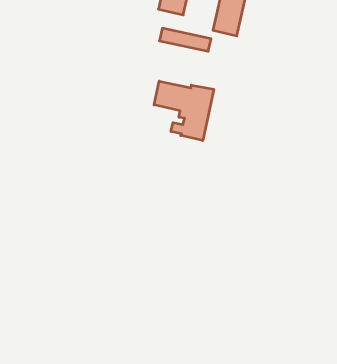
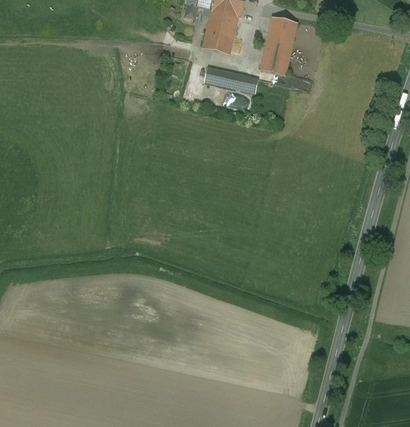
building: [154,81,214,141] -> none

